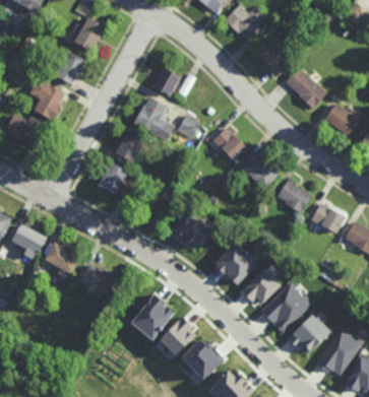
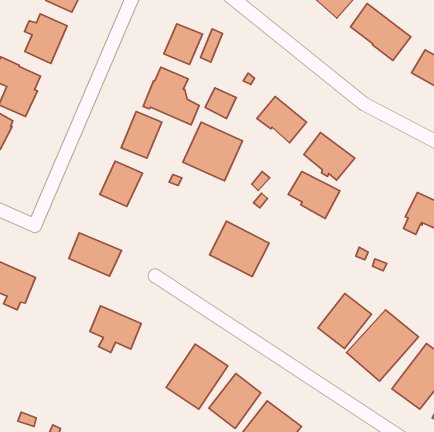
building: none -> [183,122,243,181]
building: [276,180,313,214] -> [288,171,340,218]
building: [44,241,81,273] -> [69,233,121,276]
building: [212,242,257,285] -> none

